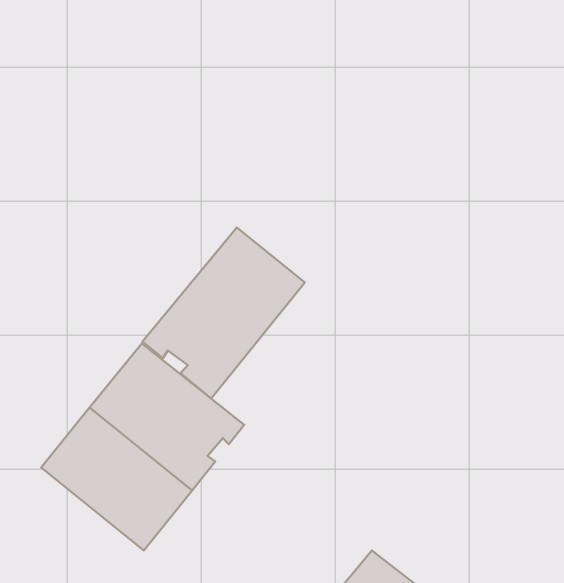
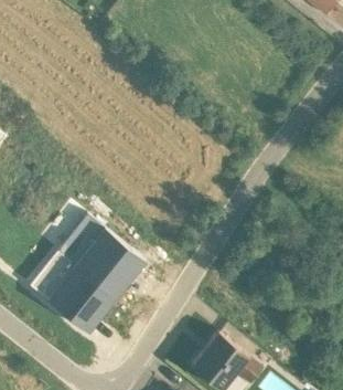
building: [142,228,305,398] -> none

